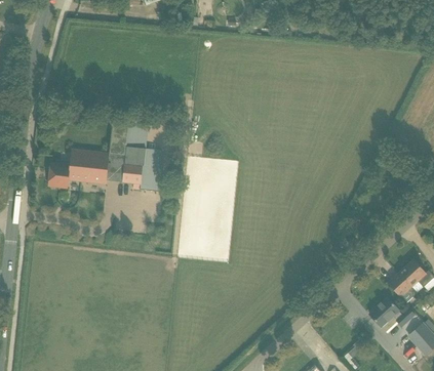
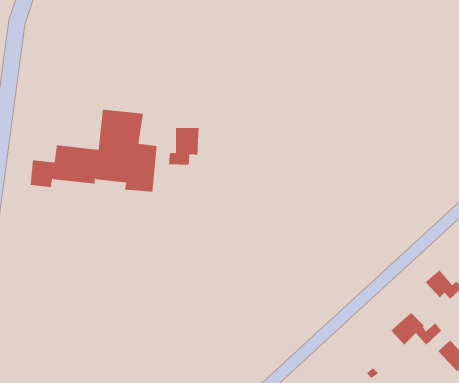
building: none -> [169,127,199,165]
building: [387,271,418,302] -> none

